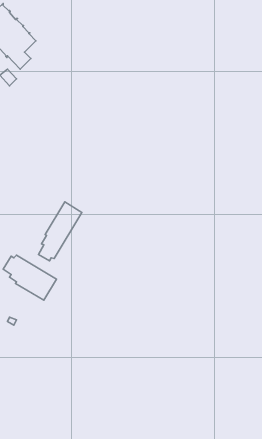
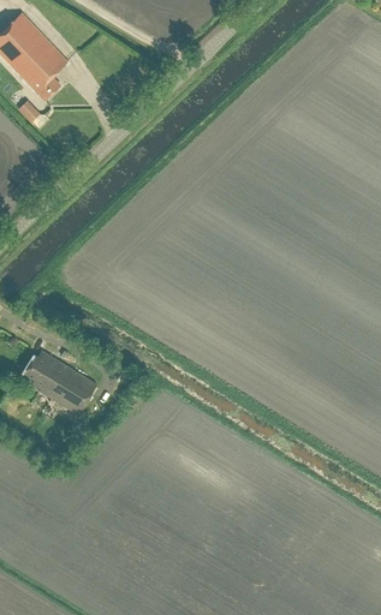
building: [39,202,82,261] -> none

